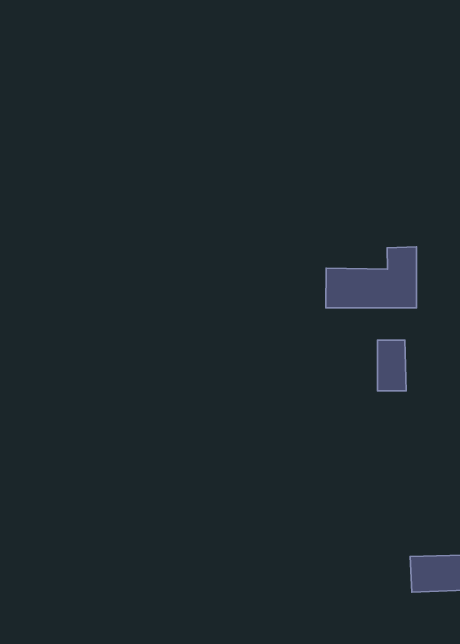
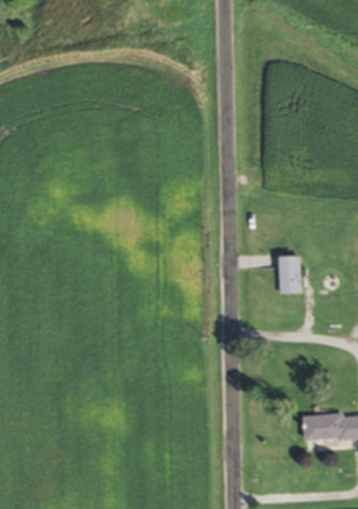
building: [326,247,416,308] -> none

